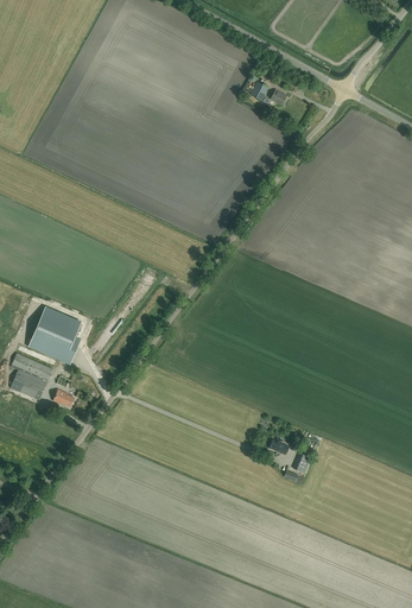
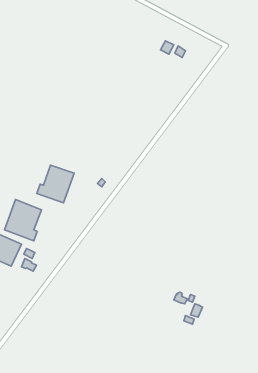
building: none -> [37,165,74,203]

